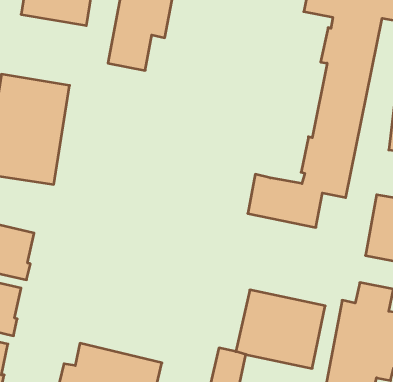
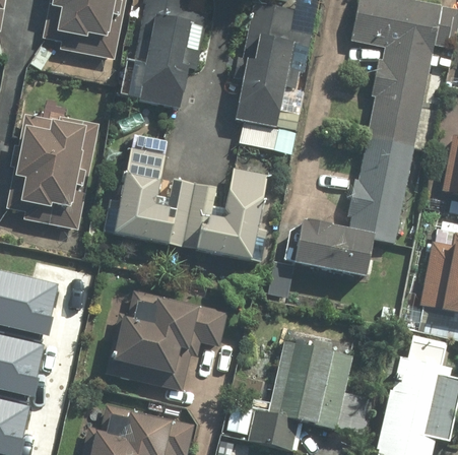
building: none -> [231,35,311,154]
building: none -> [113,149,266,257]
building: none -> [106,288,231,390]

